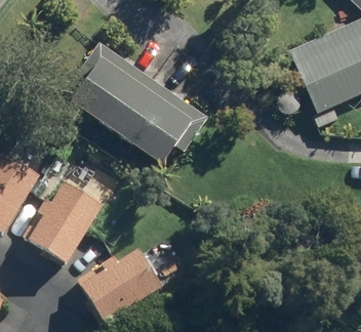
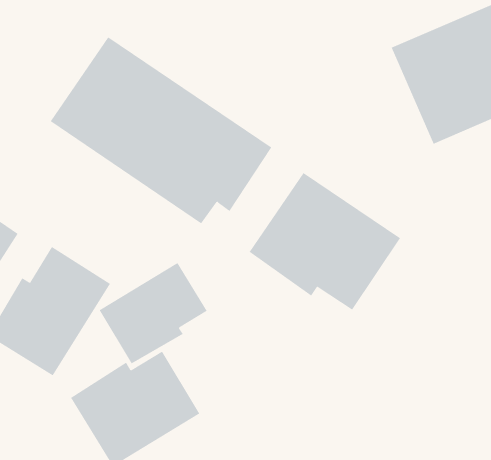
building: none -> [249,172,401,311]
building: none -> [99,262,207,364]

